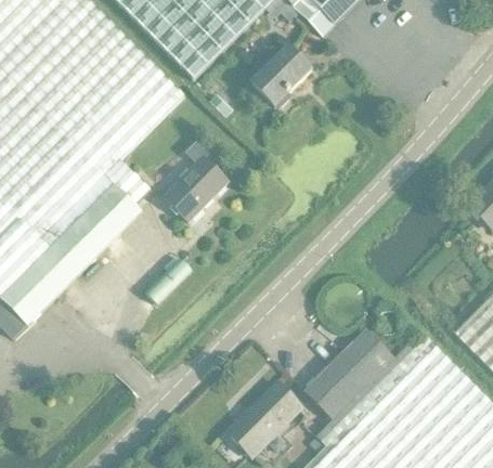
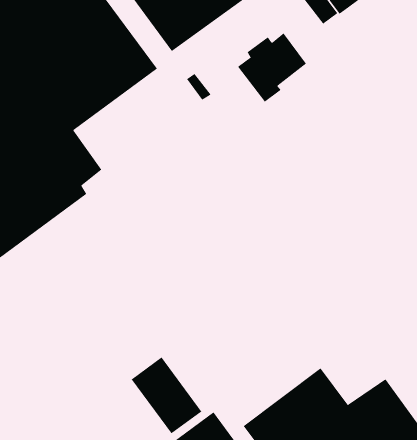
building: [161,141,226,222] -> none
building: none -> [131,357,202,434]

